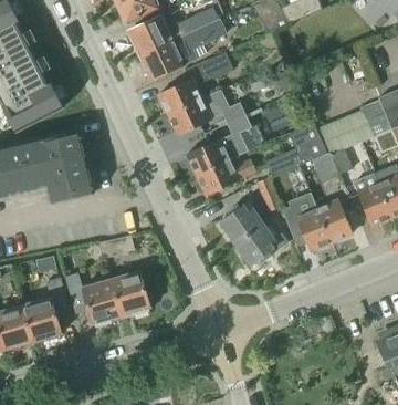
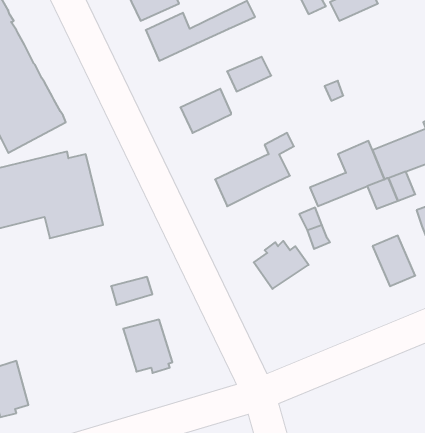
building: [140,19,226,79] -> none
building: [168,89,247,136] -> none
building: [197,157,256,196] -> none
building: [282,191,332,251] -> none
building: [234,225,274,267] -> none
building: [65,272,122,325] -> none
building: [22,278,69,341] -> none

